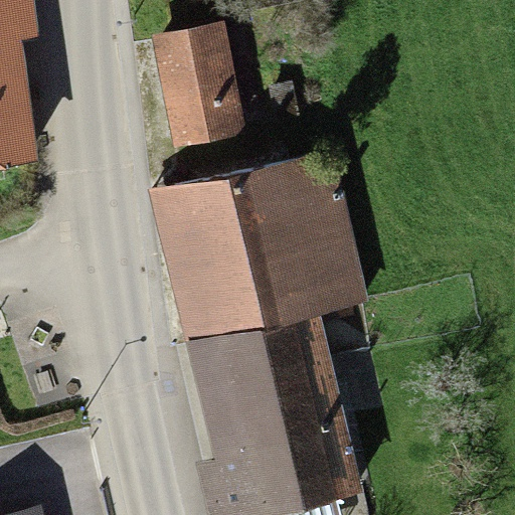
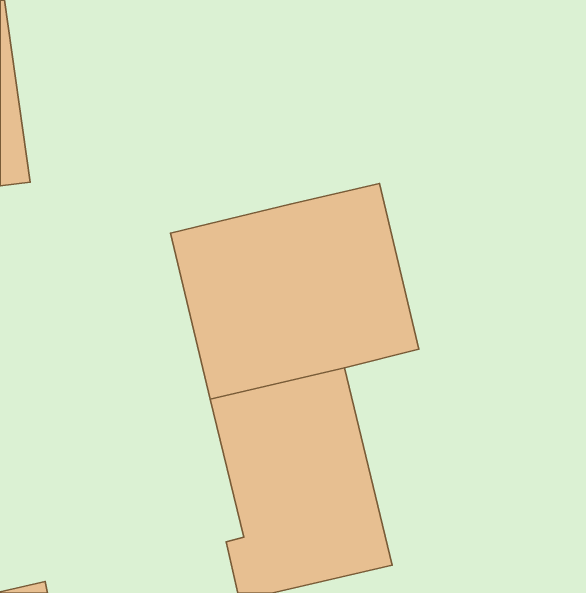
building: [152,27,258,194] -> none

